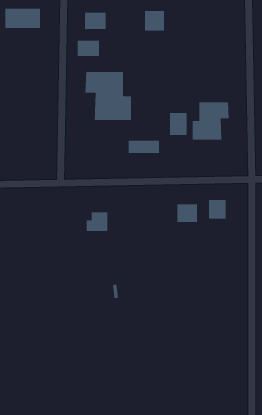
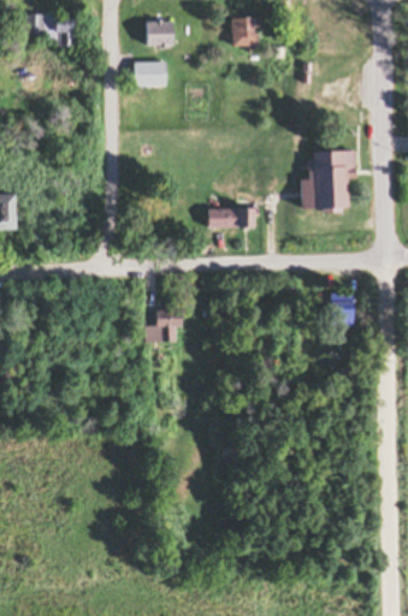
building: [85,71,132,121] -> none
building: [170,112,187,136] -> none
building: [177,204,197,223] -> none

